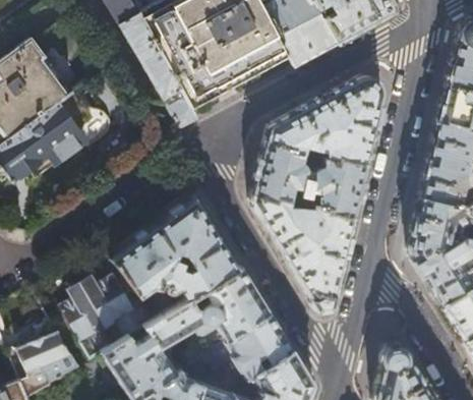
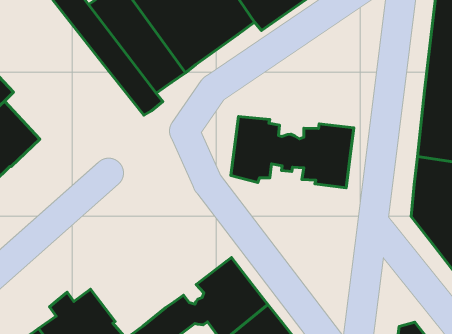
building: [265,74,383,164] -> none
building: [250,193,354,310] -> none
building: [114,198,239,319] -> none

